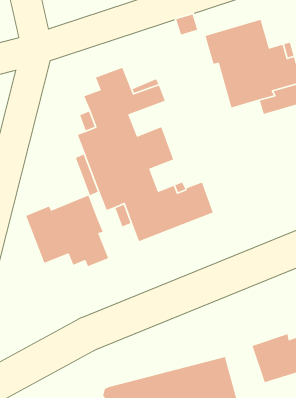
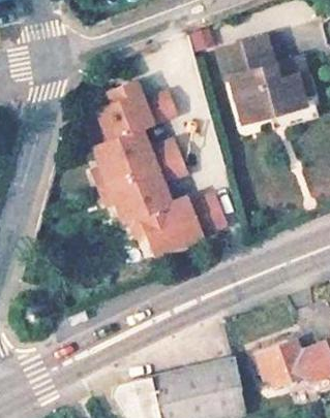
building: [25,195,109,267] -> none

